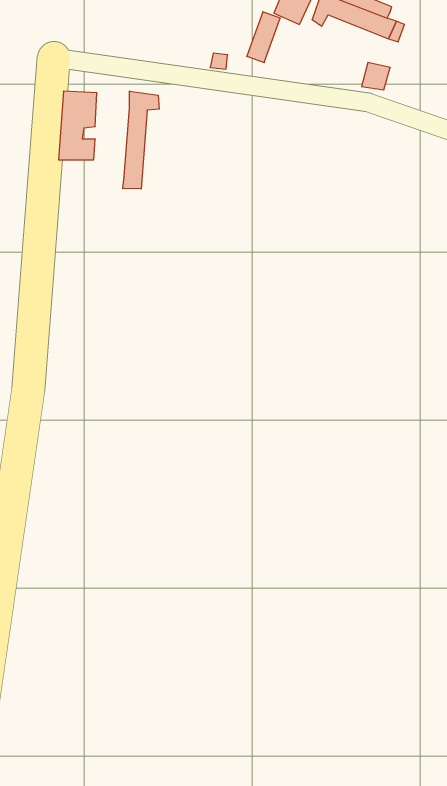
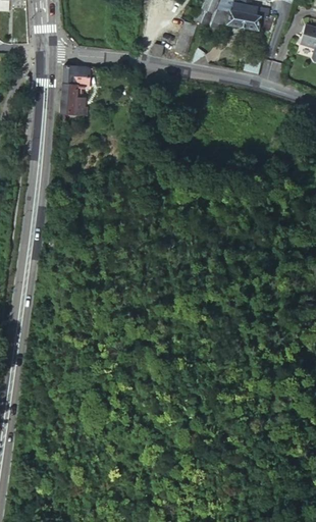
building: [123,91,159,189] -> none

